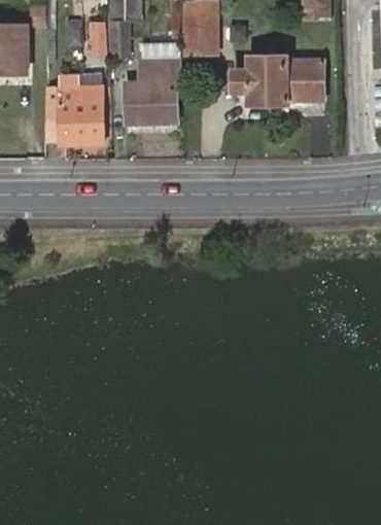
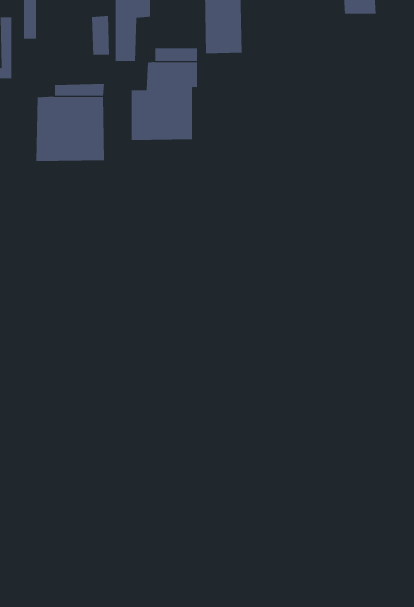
building: [236,49,322,103] -> none

